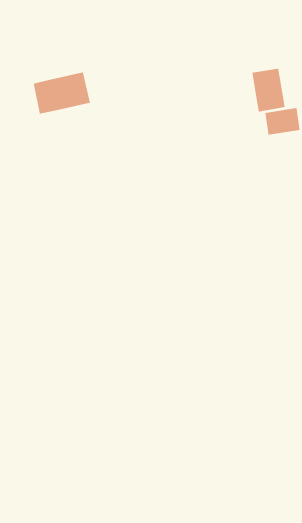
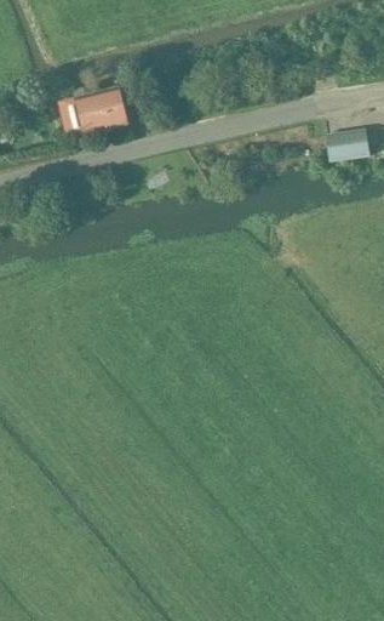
building: [251,68,285,113] -> none

